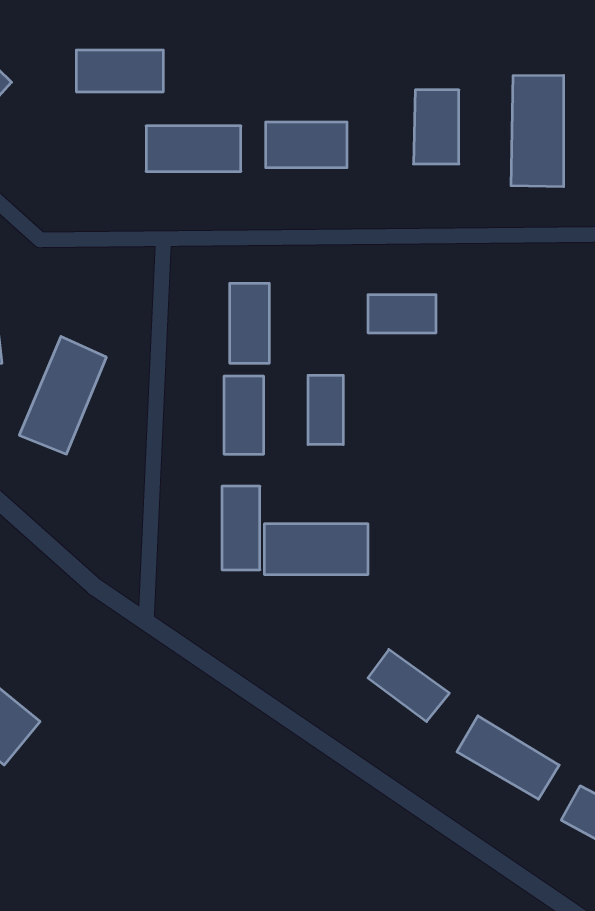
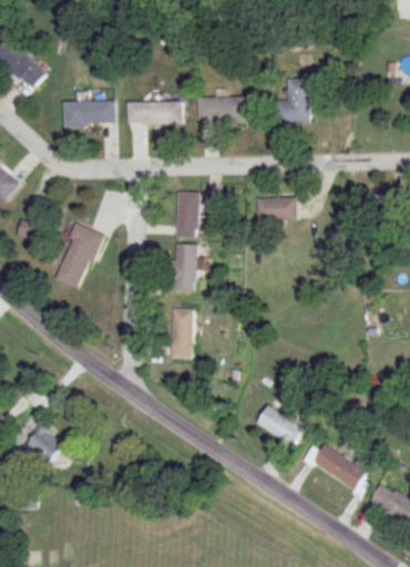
building: [76,50,163,92] -> [64,100,115,124]
building: [511,75,564,187] -> none
building: [308,375,343,445] -> none
building: [265,524,368,575] -> none

